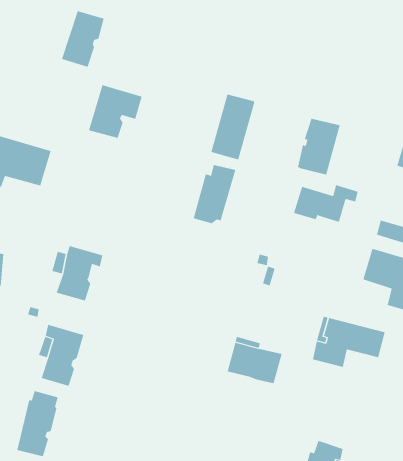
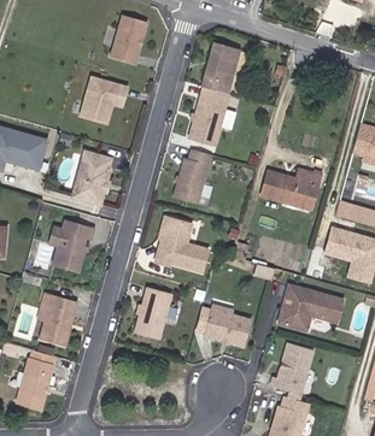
building: [61,11,104,67] -> [111,16,150,66]
building: [297,118,341,175] -> [200,43,239,94]
building: none -> [70,155,110,210]
building: none -> [154,219,207,273]
building: none -> [131,288,170,341]
building: none -> [265,341,312,401]

